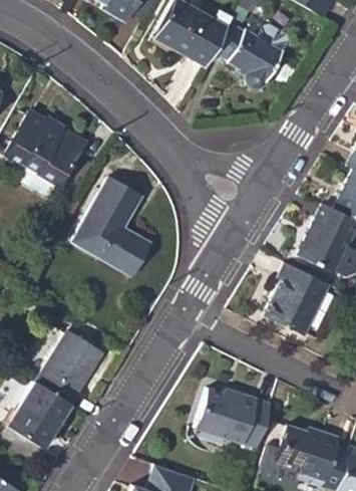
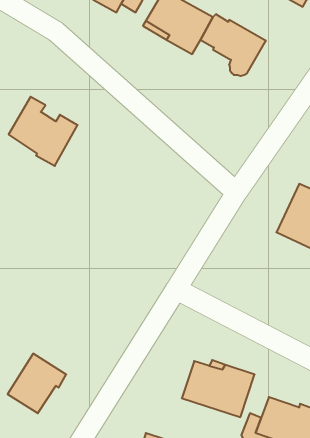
building: [75,175,152,275] -> none
building: [254,259,325,340] -> none
building: [37,331,104,404] -> none

